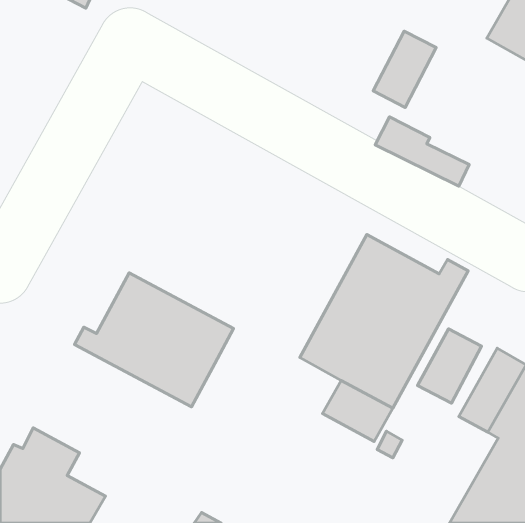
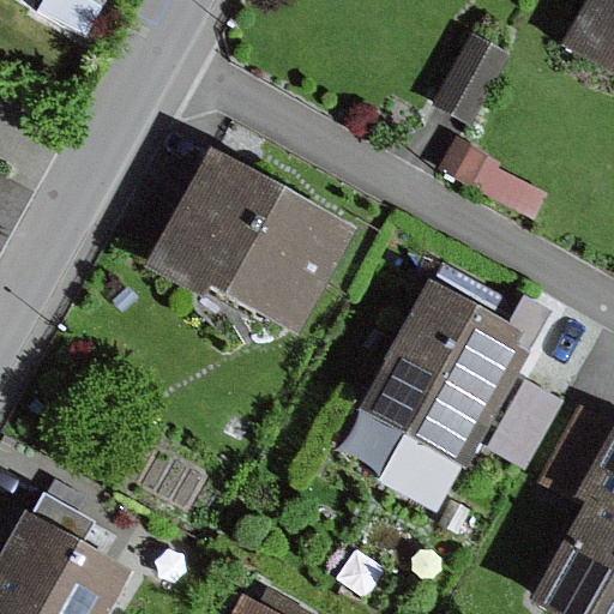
building: none -> [138,151,357,344]
building: [75,273,234,407] -> none

